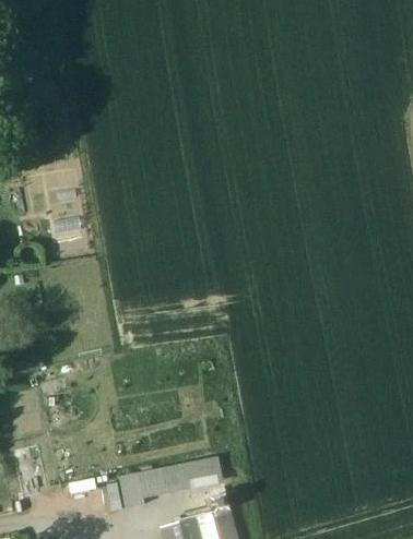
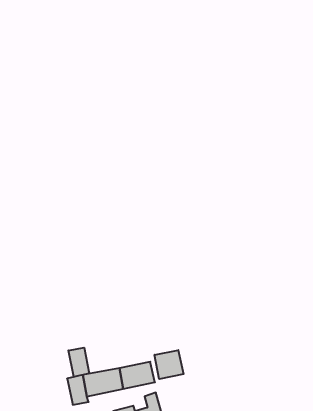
building: none -> [68,348,89,377]
building: none -> [155,350,184,379]

